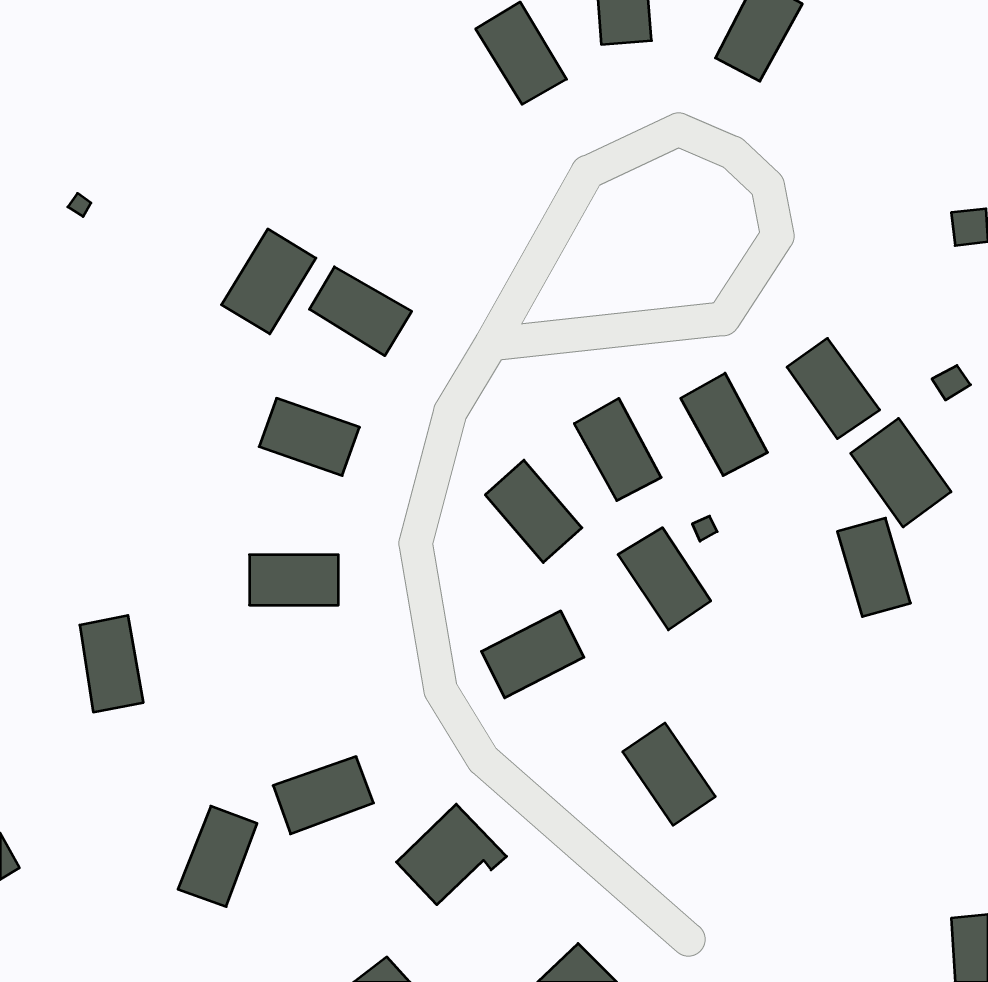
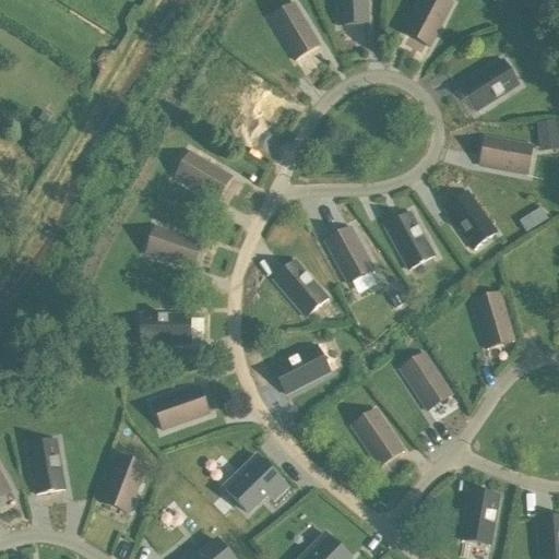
building: none -> [461,59,519,109]
building: [221,229,316,334] -> none
building: none -> [478,135,533,174]
building: [851,418,951,527] -> none
building: [618,528,711,630] -> [400,353,452,411]
building: [80,615,143,712] -> [28,439,64,493]
building: [273,757,374,834] -> [153,385,210,429]
building: none -> [461,490,498,544]

